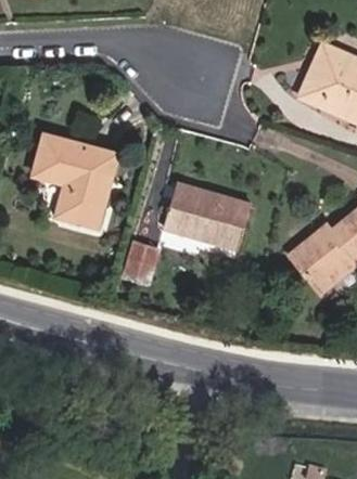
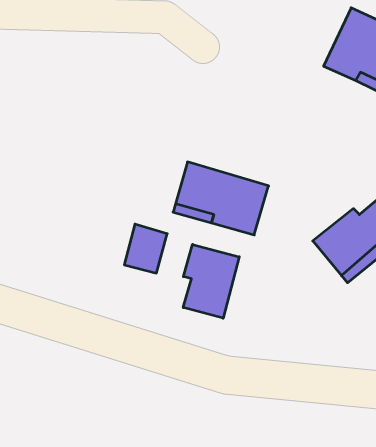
building: [35,132,117,225] -> none
building: none -> [183,244,239,318]

